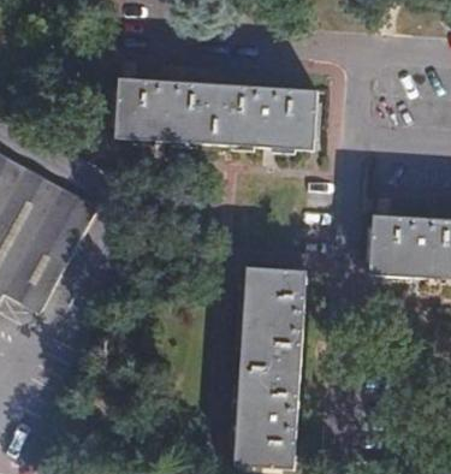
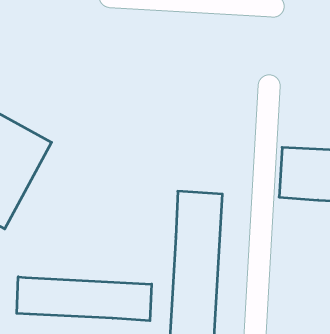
building: [119,78,316,147] -> none
building: none -> [17,277,152,321]

